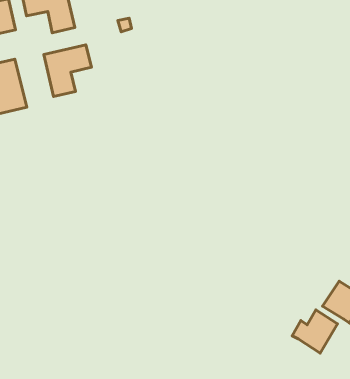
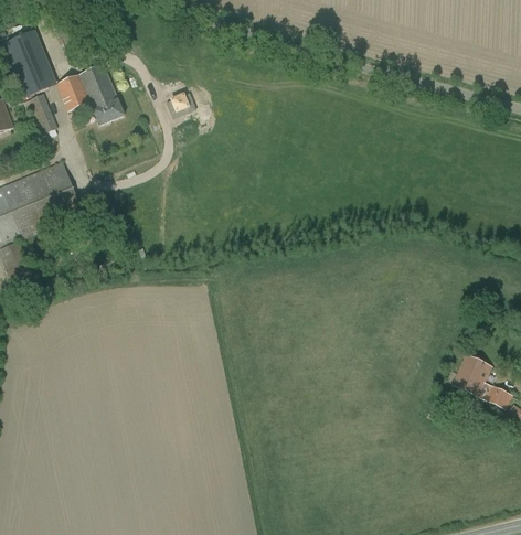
building: [44,45,92,96] -> none
building: [292,310,338,353] -> none

